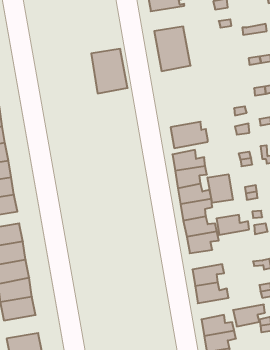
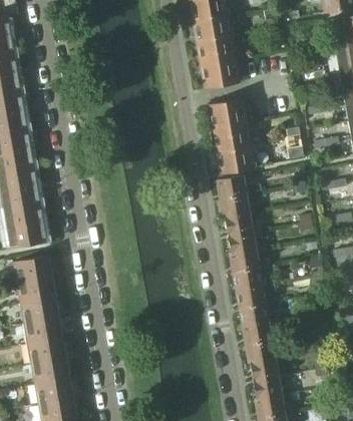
building: none -> [195,16,234,44]
building: [91,49,128,93] -> [210,101,250,150]
building: [208,174,233,203] -> none
building: [216,215,249,235] -> [238,286,274,308]
building: [233,305,265,326] -> [247,339,282,363]
building: none -> [32,358,70,384]

